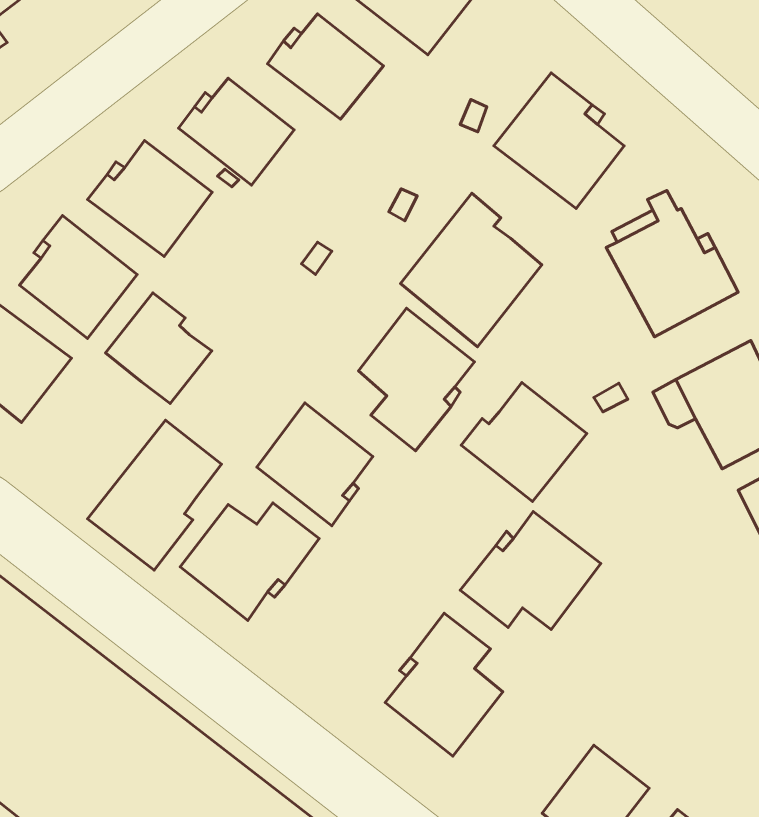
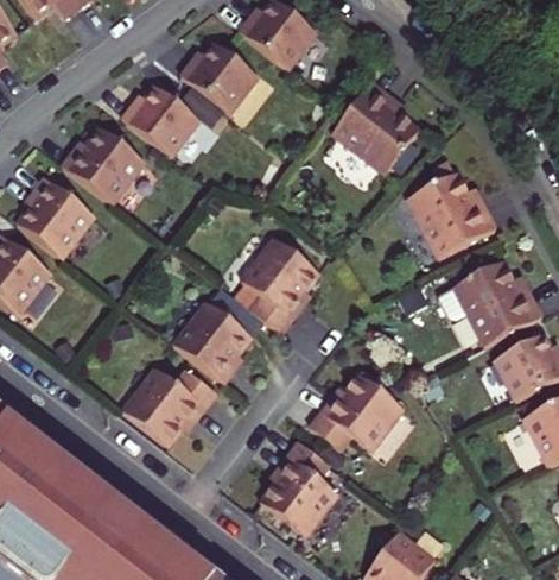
building: [401,193,542,347] -> none
building: [106,293,212,404] -> none
building: [461,383,587,501] -> none
building: [88,420,222,570] -> none

